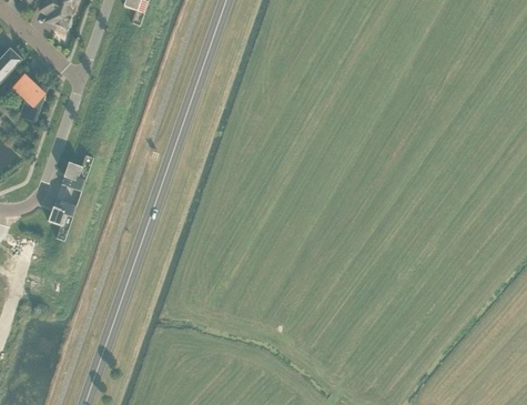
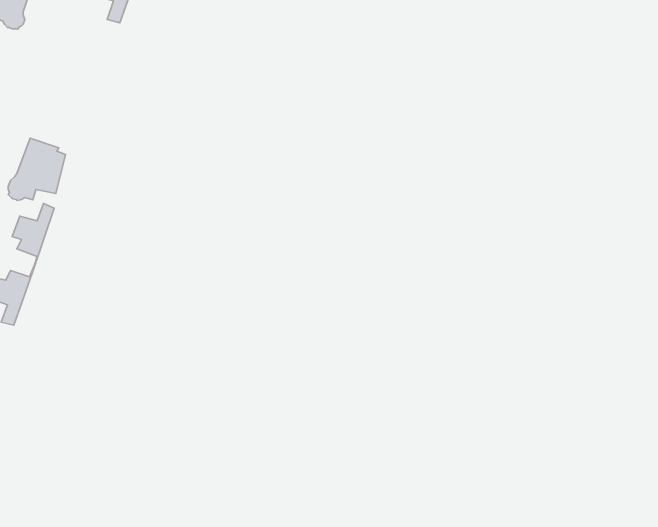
building: none -> [8,138,66,201]

